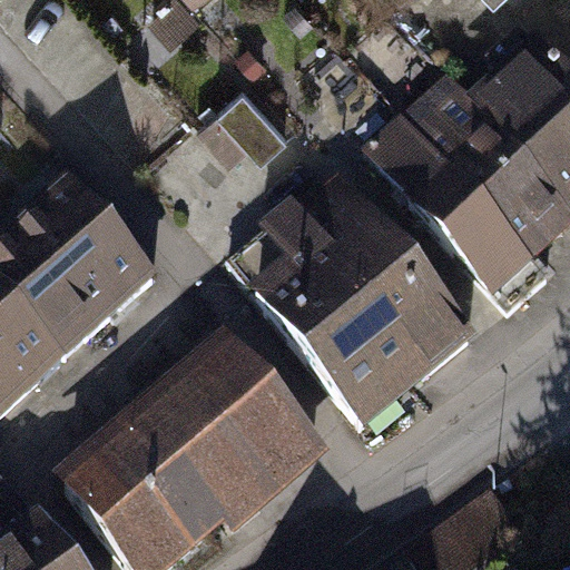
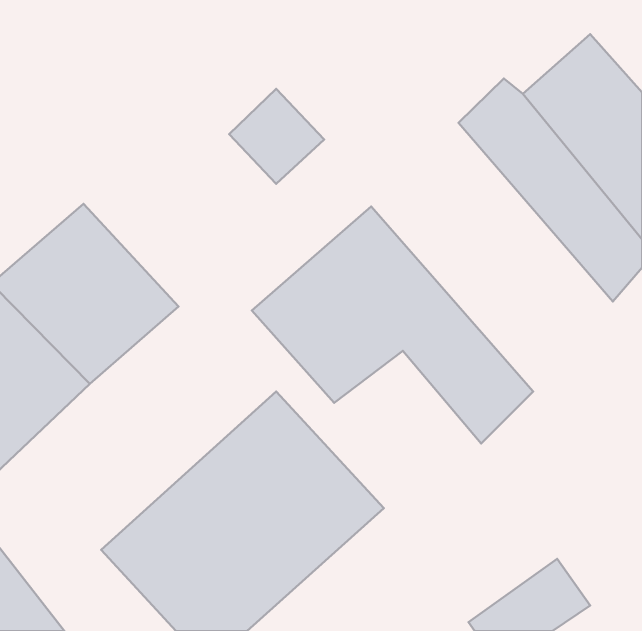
building: [362,108,539,302] -> none
building: [294,308,423,428] -> none

